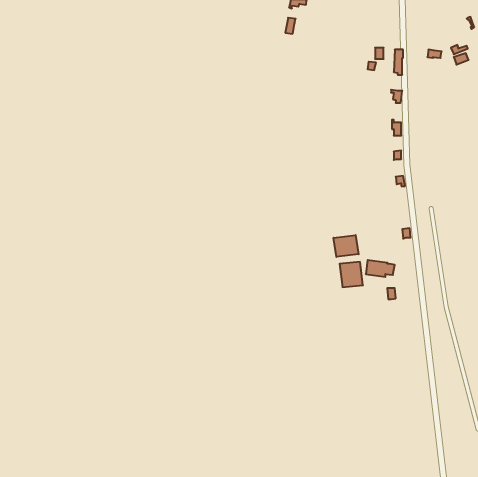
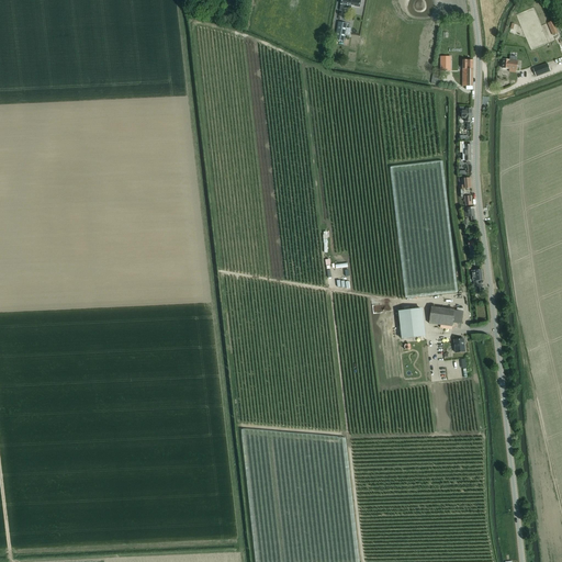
building: [334,235,359,257] -> none

